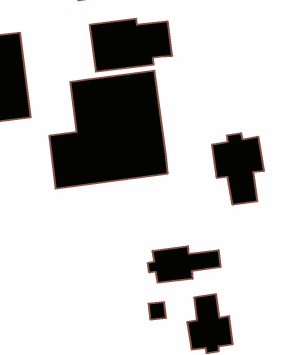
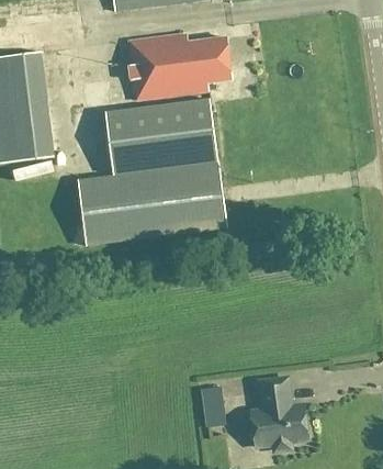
building: [212,133,264,205] -> none
building: [148,246,220,283] -> none

